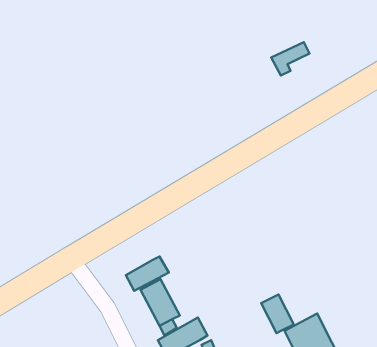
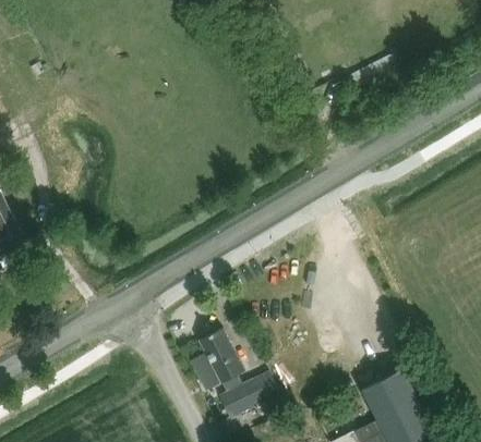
building: [126,257,169,291] -> none
building: [261,294,294,333] -> none

